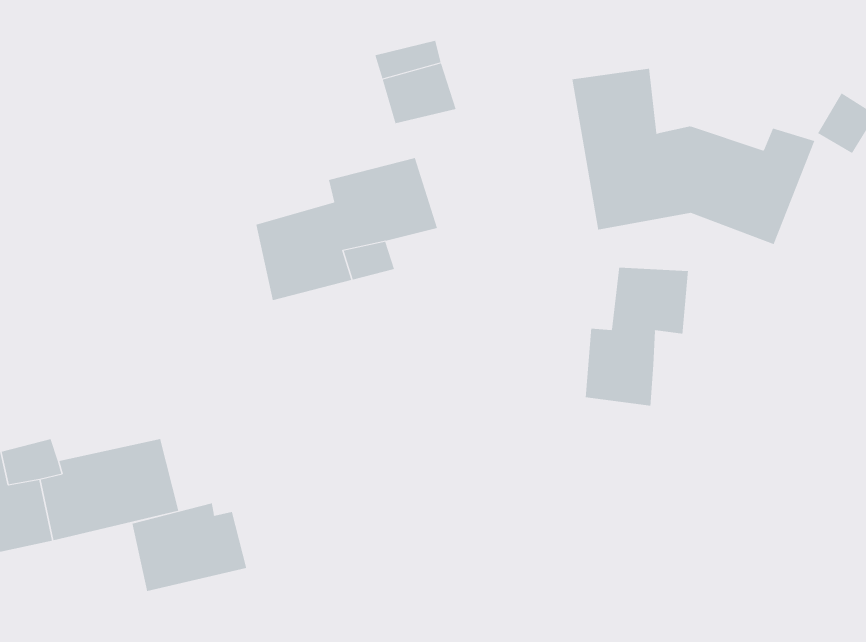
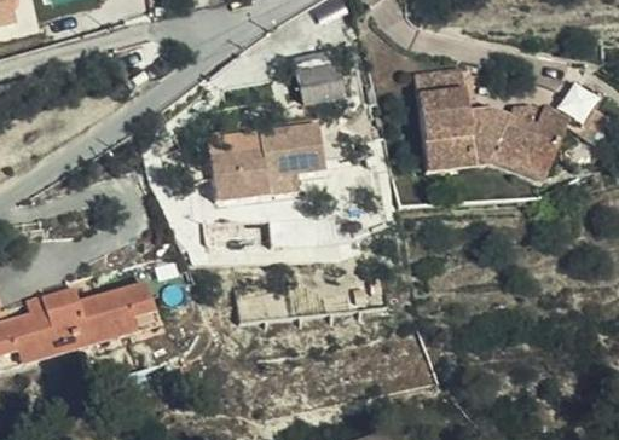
building: [585,267,688,406] -> none
building: [132,503,247,592] -> none

